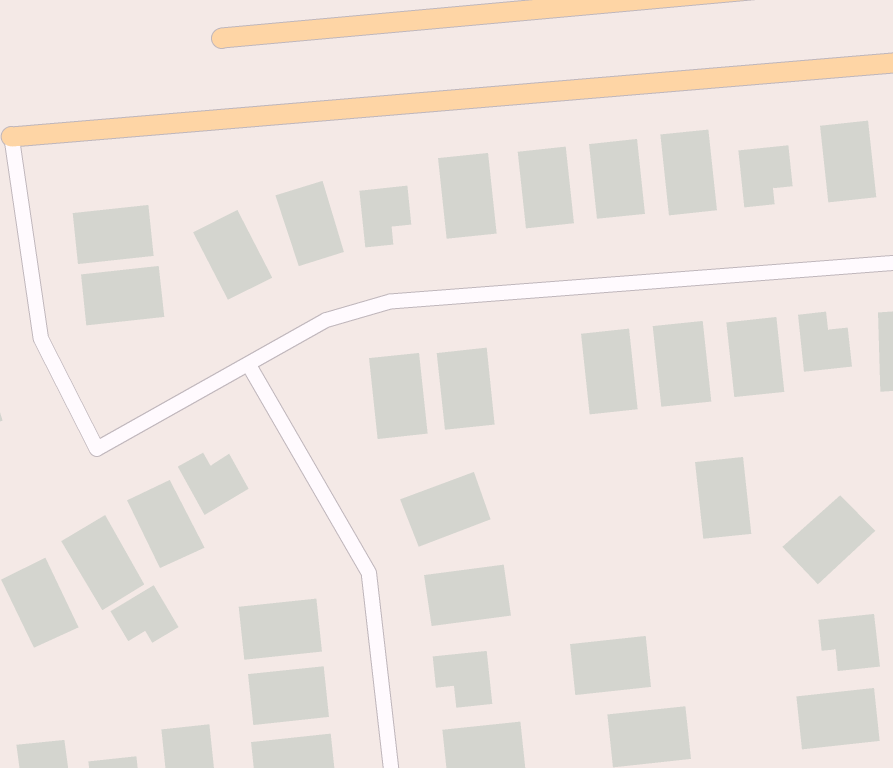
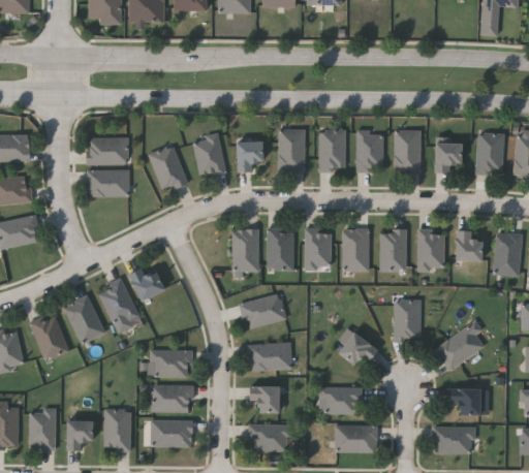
building: none -> [305,229,331,270]
building: none -> [336,330,376,365]
building: [109,584,180,644] -> none

